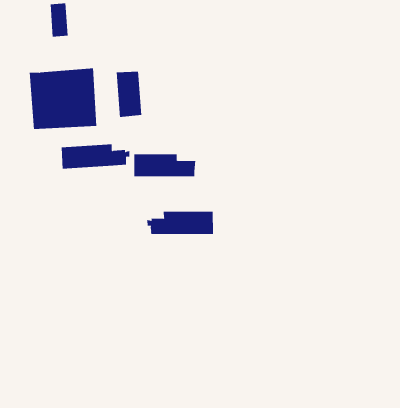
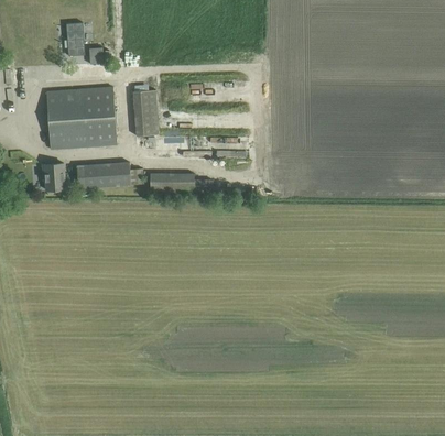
building: none -> [42,163,65,190]
building: [147,211,213,235] -> none

